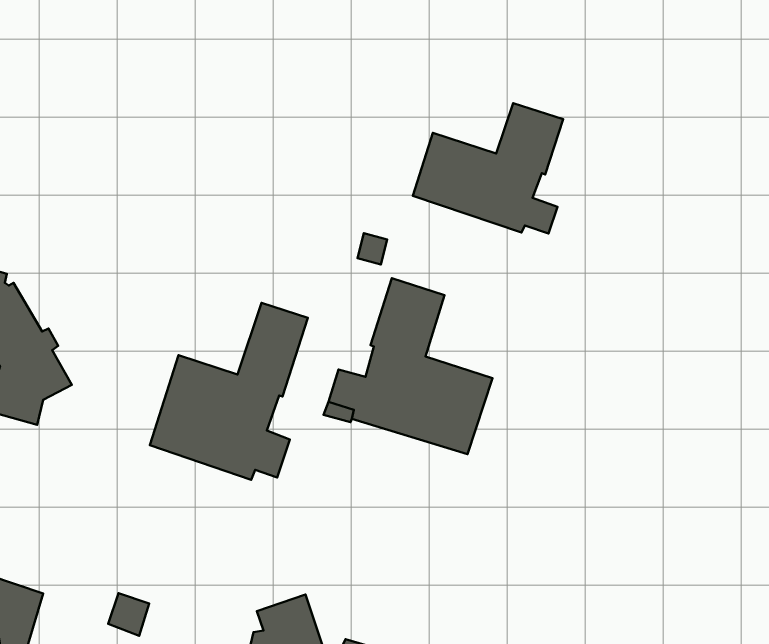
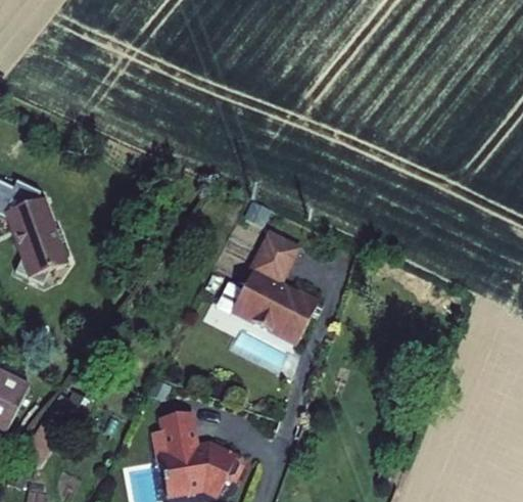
building: [413,103,563,233] -> none
building: [150,303,308,480] -> none

